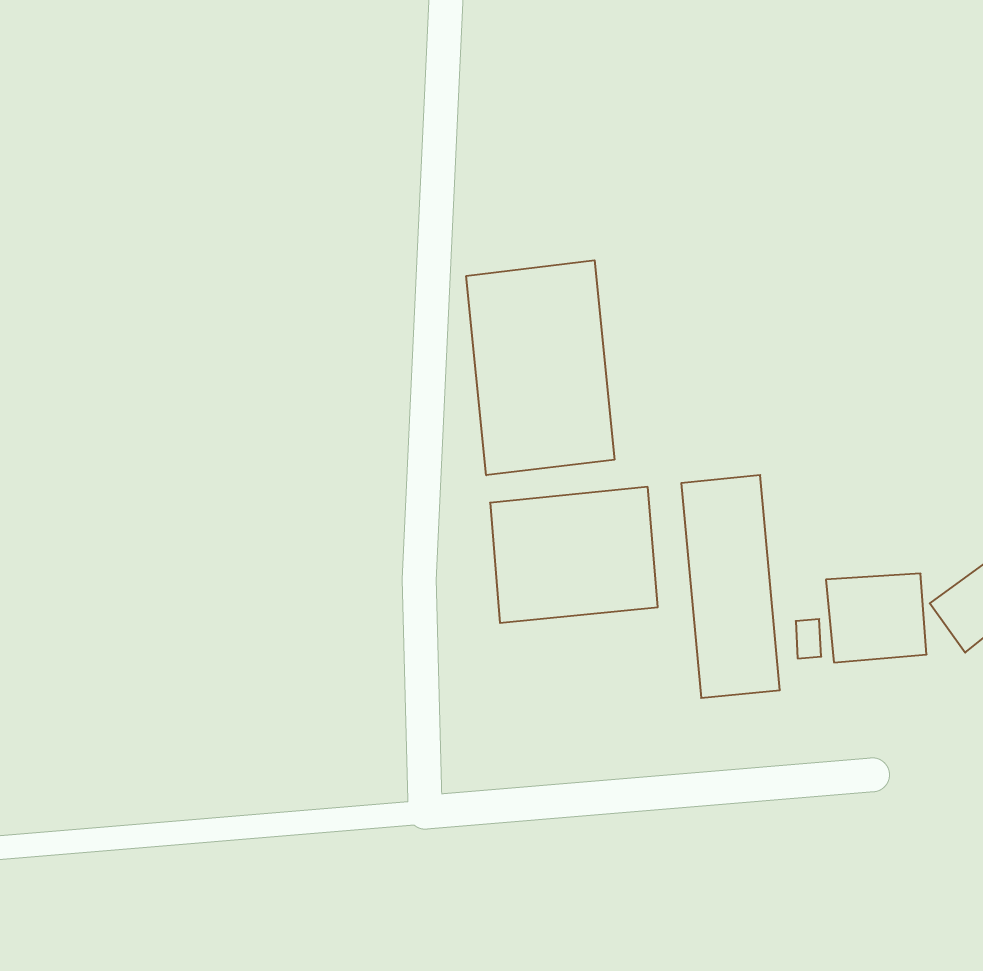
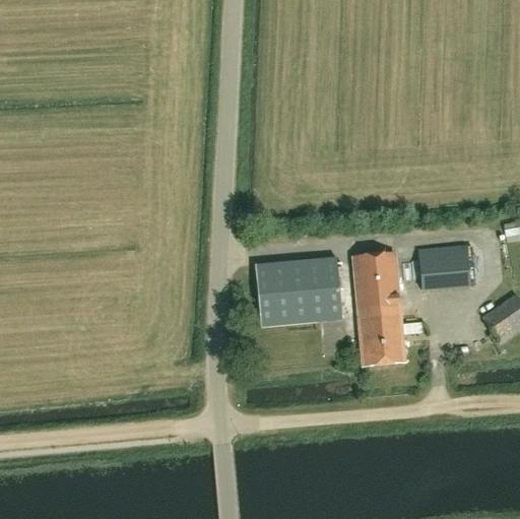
building: [466,260,614,475] -> none
building: [826,574,927,662] -> [417,244,469,289]

